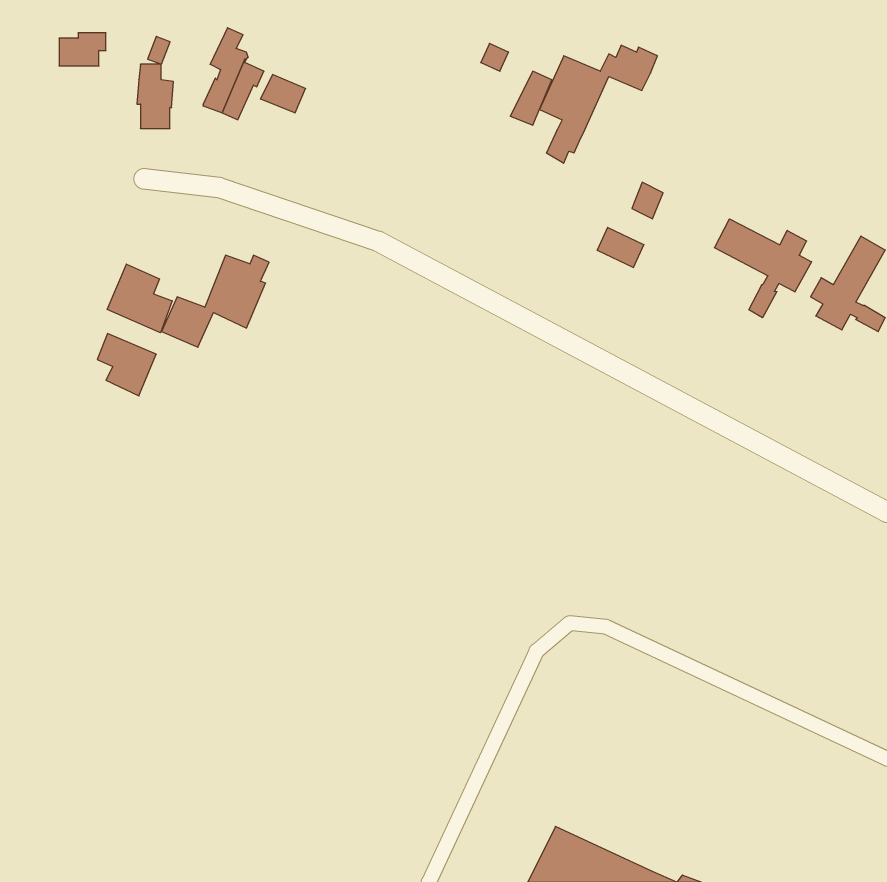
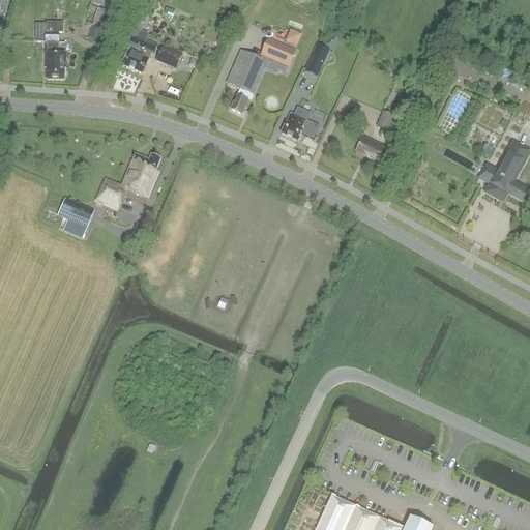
building: [539,45,657,163] -> [227,42,297,113]
building: [137,64,173,128] -> [45,39,66,78]
building: none -> [281,107,319,140]
building: [714,219,812,318] -> none
building: [107,264,172,333] -> none

